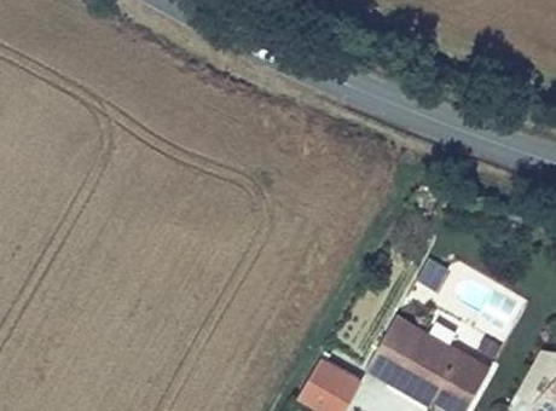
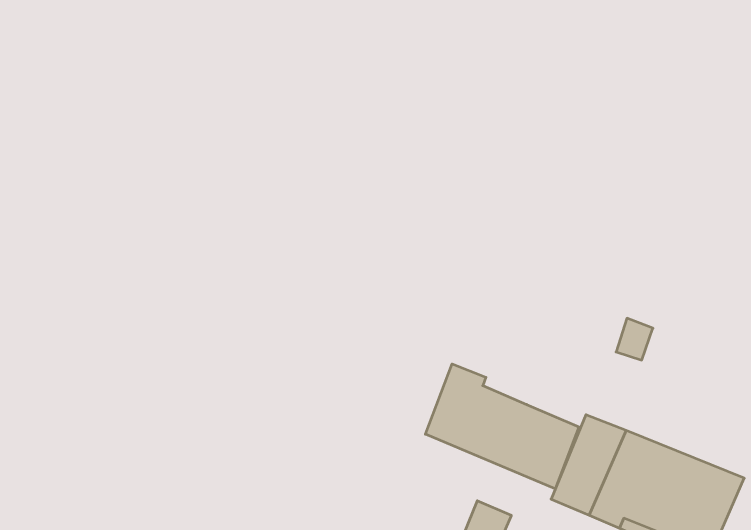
building: none -> [425,364,579,489]

